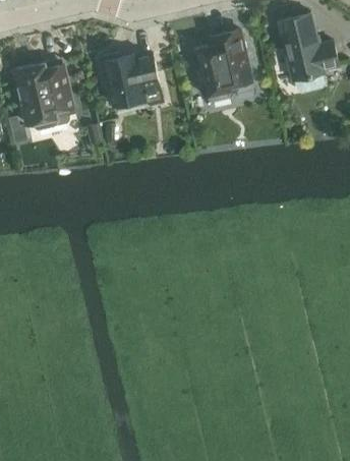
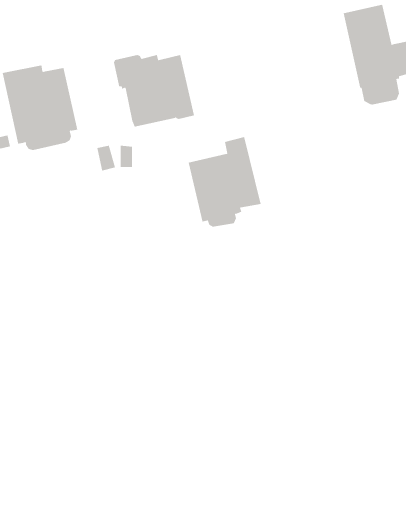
building: [194,28,252,100] -> [188,137,262,227]

